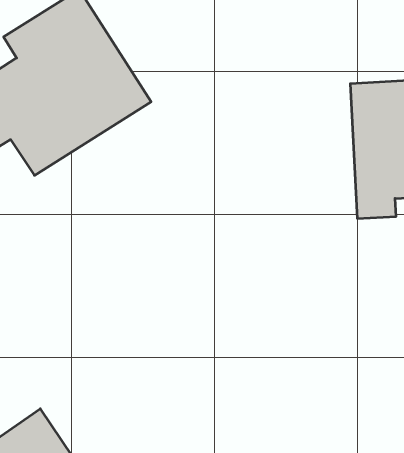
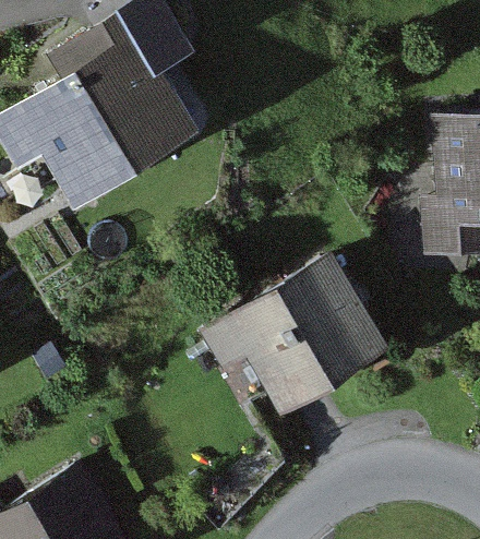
building: none -> [209,254,396,421]

